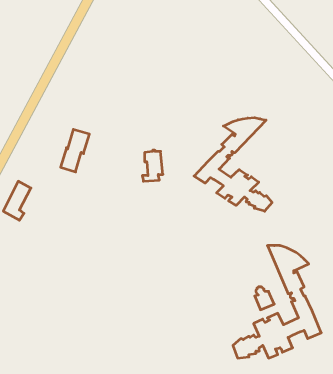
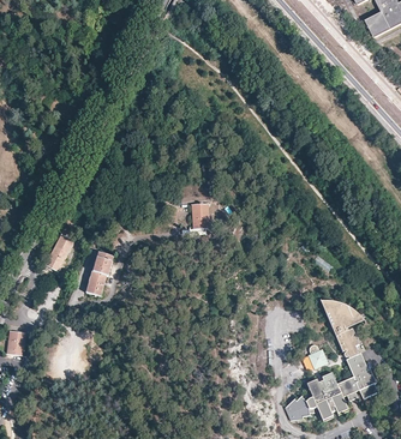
building: [194,118,272,211] -> none
building: [61,129,89,172] -> [84,251,114,295]

